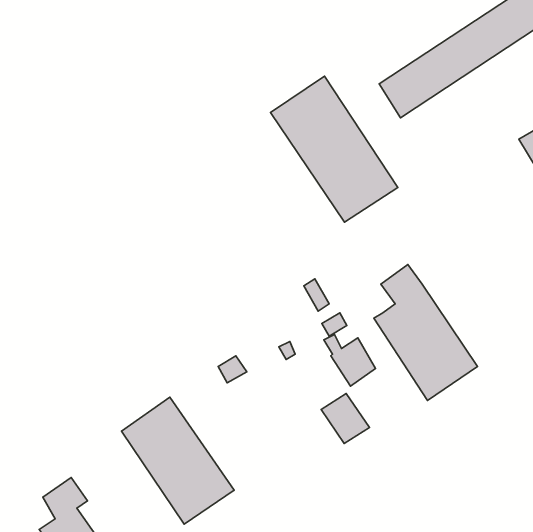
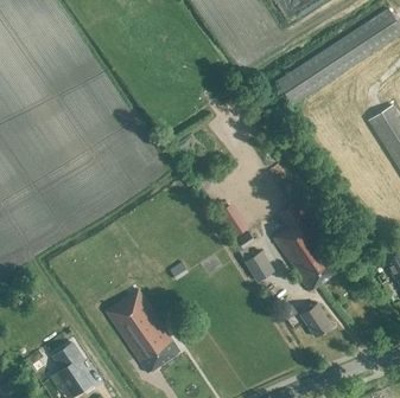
building: [270,76,398,222] -> none
building: [321,393,369,444] -> [300,303,332,336]

